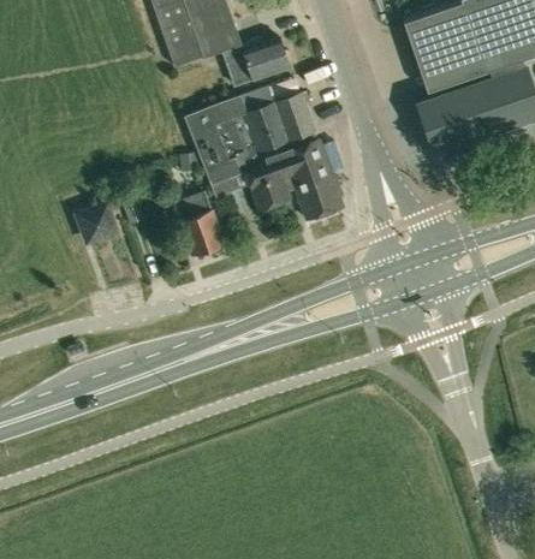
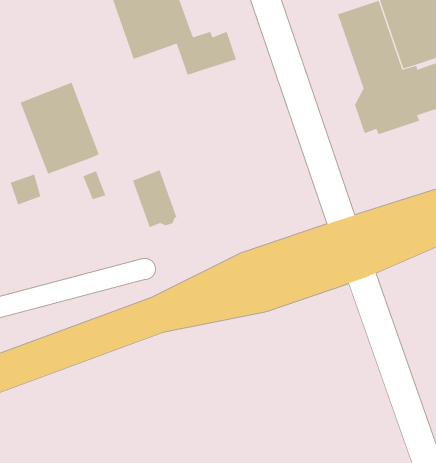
building: none -> [20,82,100,174]
building: [188,93,341,219] -> none
building: [79,203,114,238] -> [10,174,41,205]

